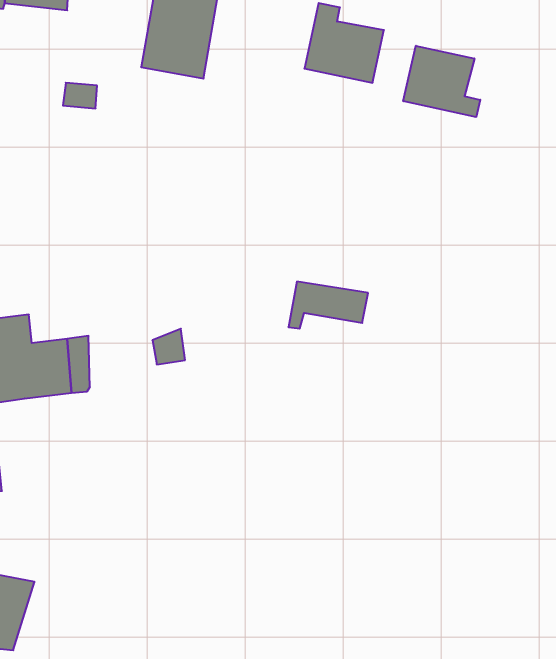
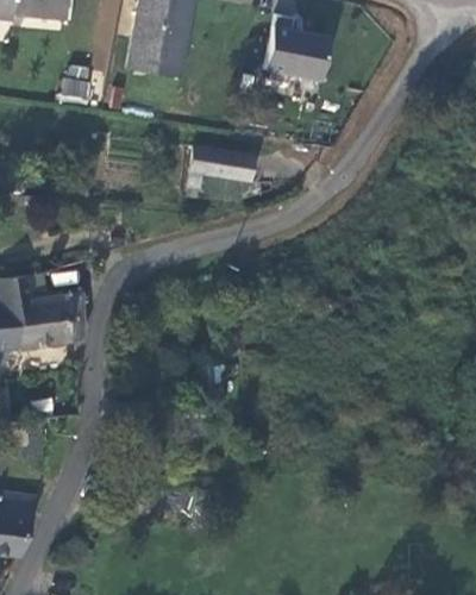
building: [403,46,480,117] -> none
building: [288,282,368,329] -> [188,146,255,186]

